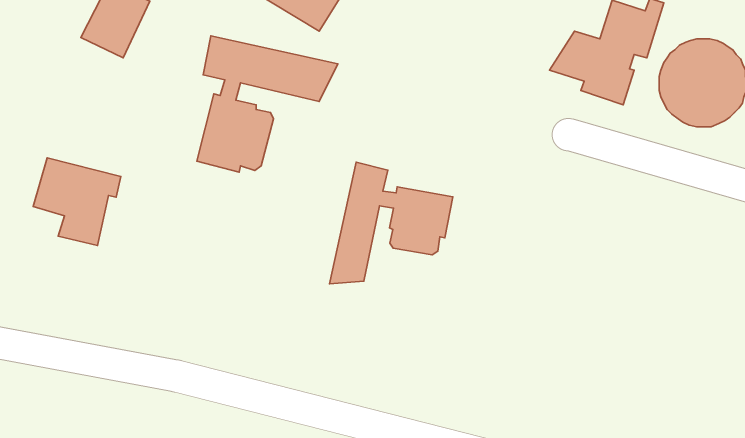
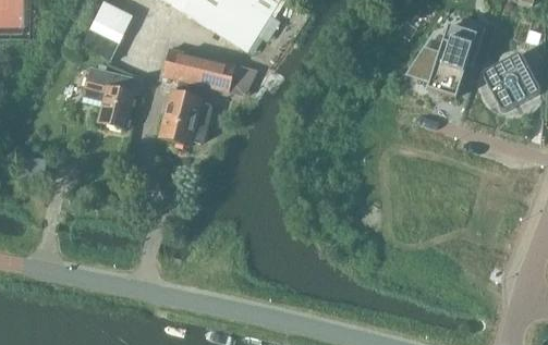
building: [33,158,121,246] -> [82,67,143,128]
building: [329,162,453,284] -> none

